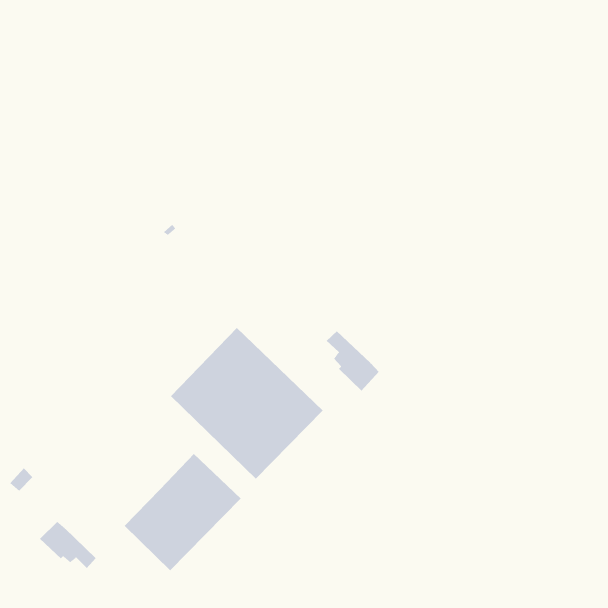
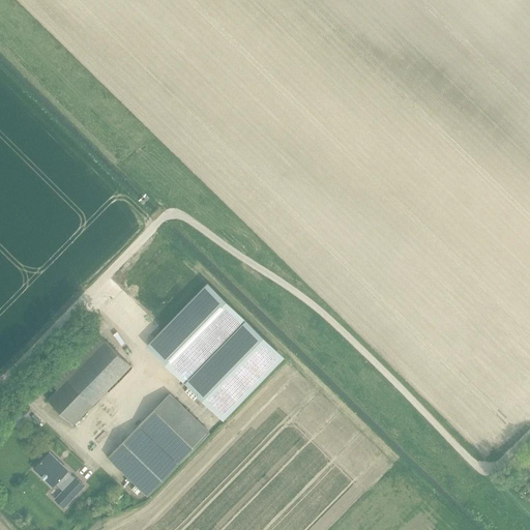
building: [326,330,379,391] -> none
building: none -> [48,334,130,426]

